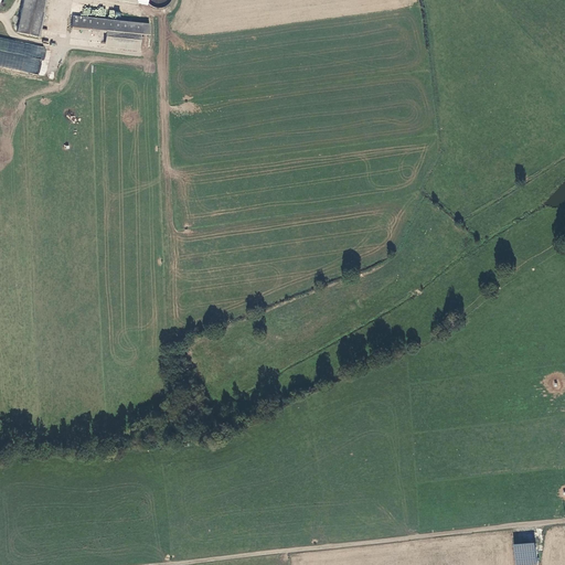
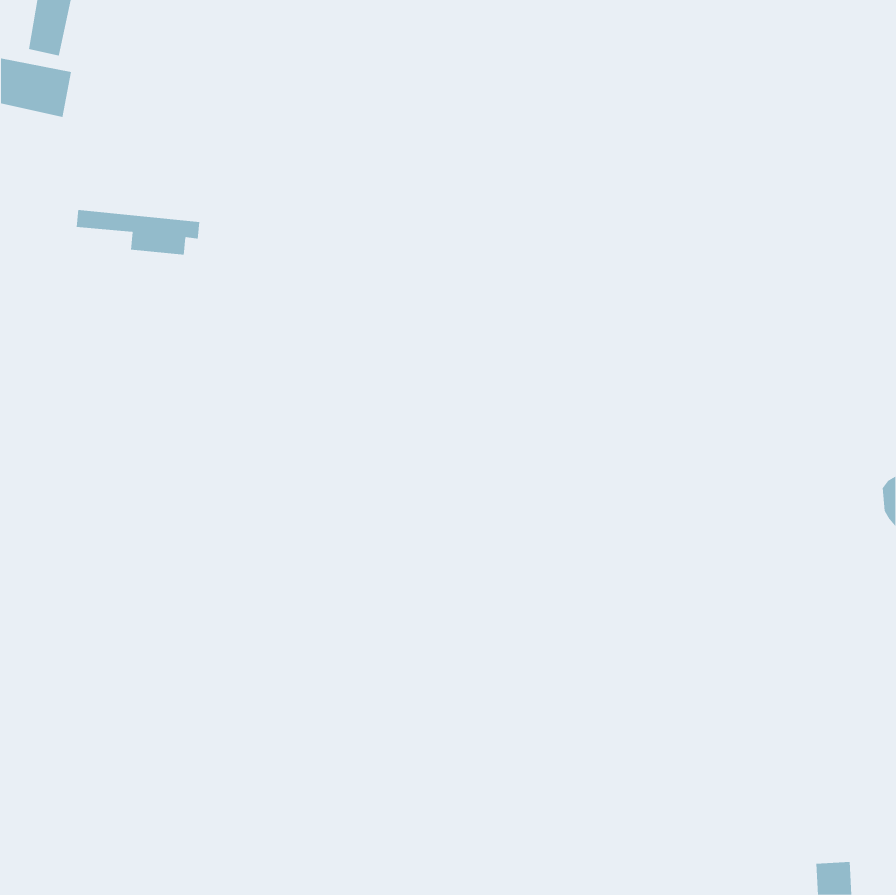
building: [71,15,149,44] -> [76,209,200,255]

